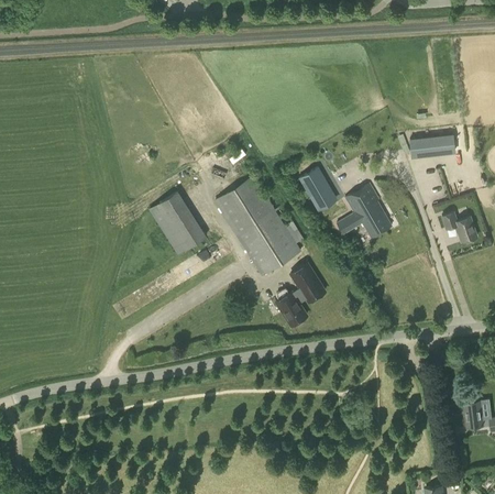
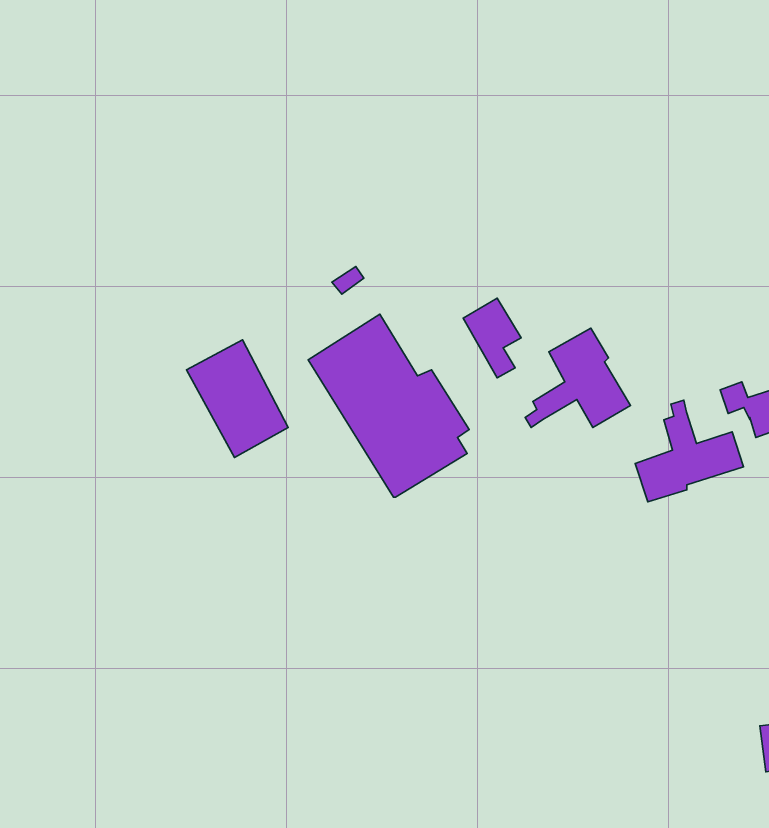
building: [409,134,457,157] -> none
building: none -> [635,400,743,502]
building: [276,263,326,326] -> none

